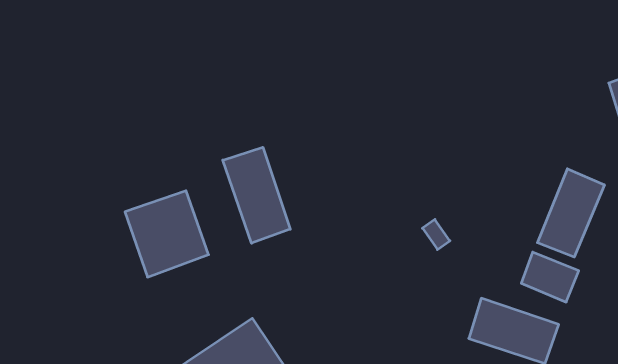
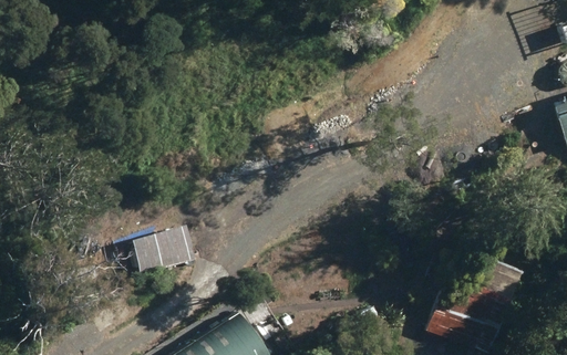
building: [223,147,290,243] -> none
building: [537,169,604,257] -> none

